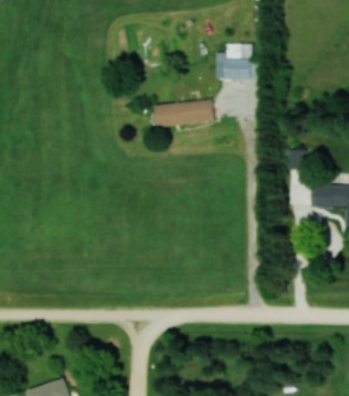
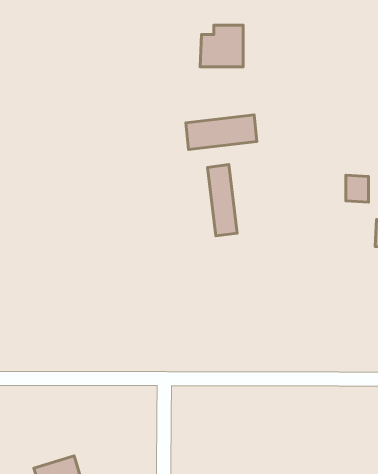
building: [215,44,251,78] -> [200,25,243,67]
building: none -> [208,164,237,236]

